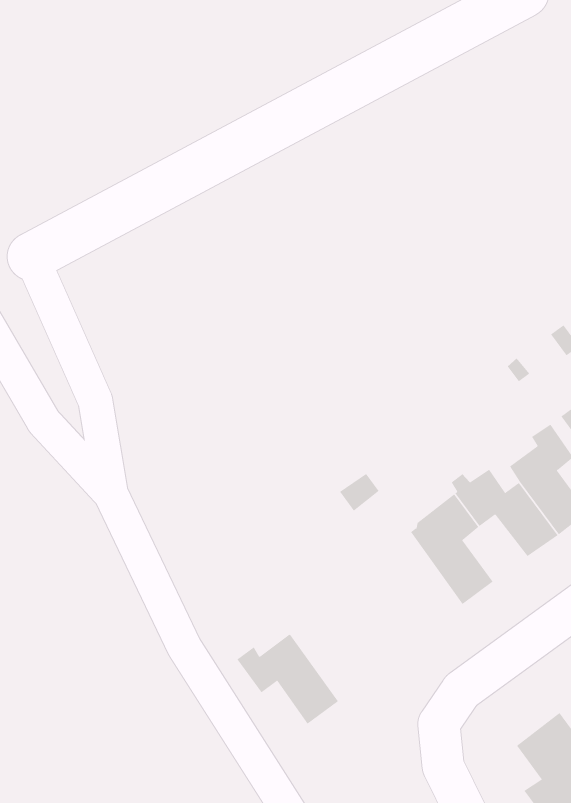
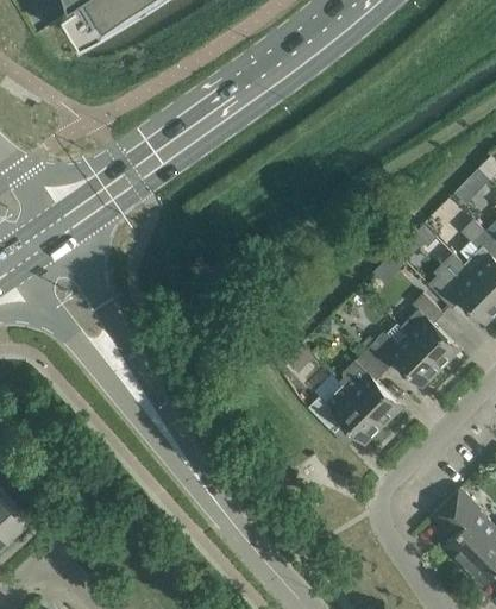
building: [236,628,339,725] -> [308,382,382,445]

